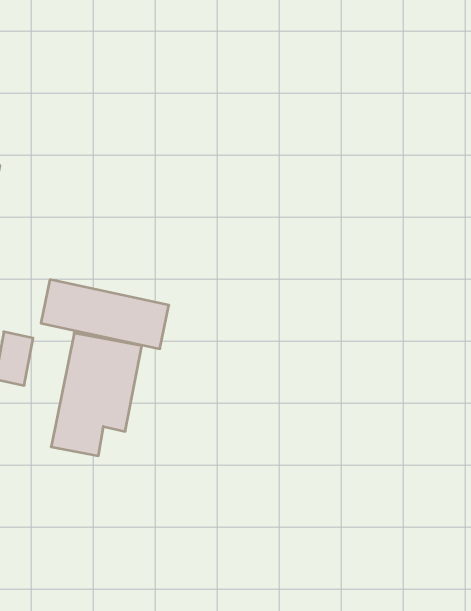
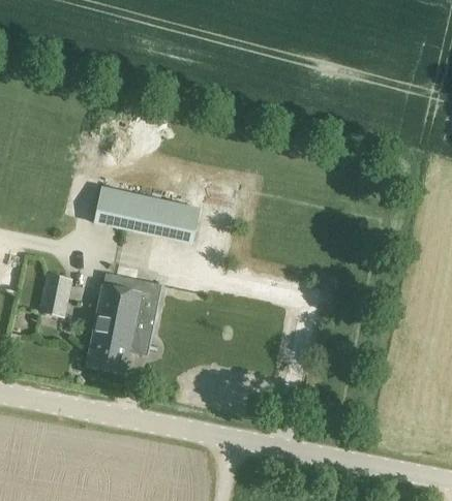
building: [41,280,169,349] -> [95,186,199,242]

